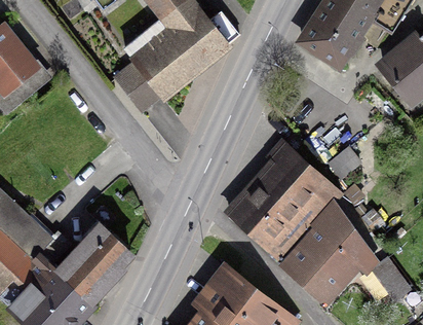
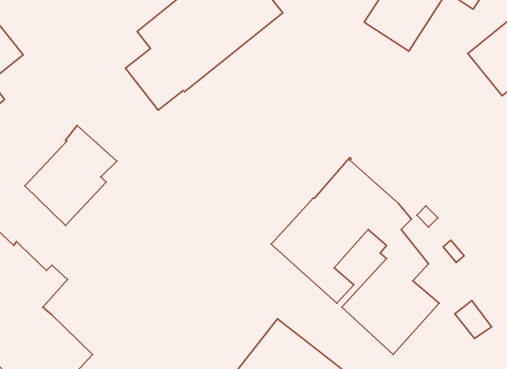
building: [56,223,128,301] -> [25,126,117,225]

